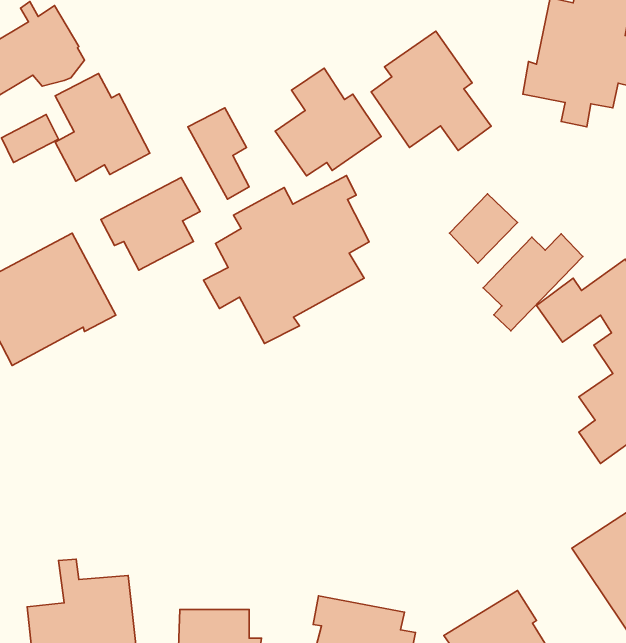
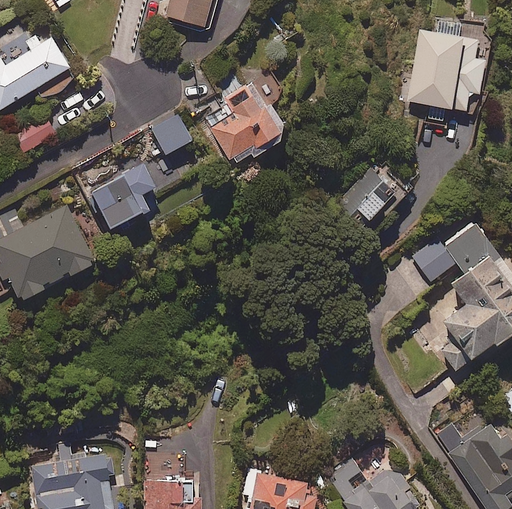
building: [371,31,491,150] -> none
building: [55,74,150,181] -> none
building: [204,175,369,344] -> none
building: [483,234,583,331] -> none

